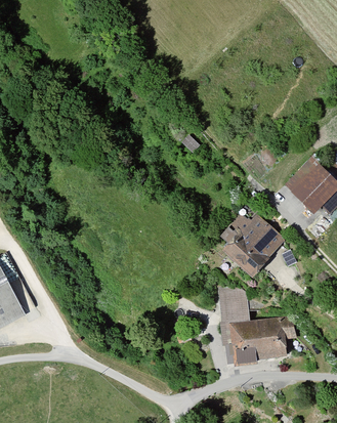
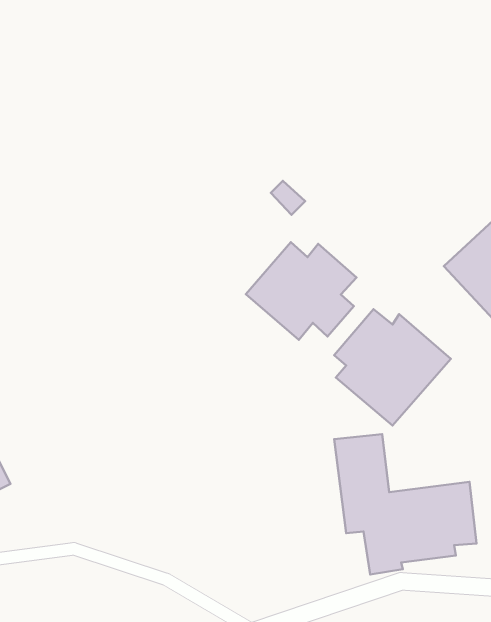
building: none -> [246,242,357,340]

